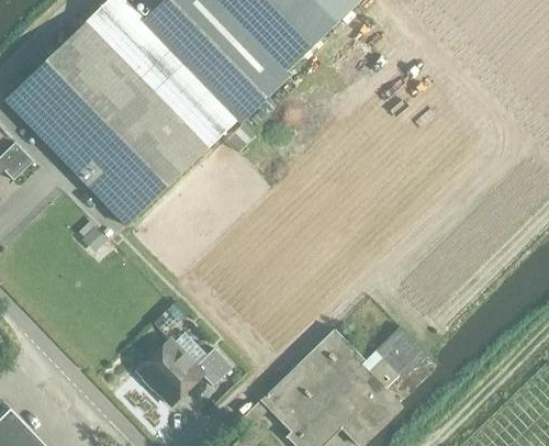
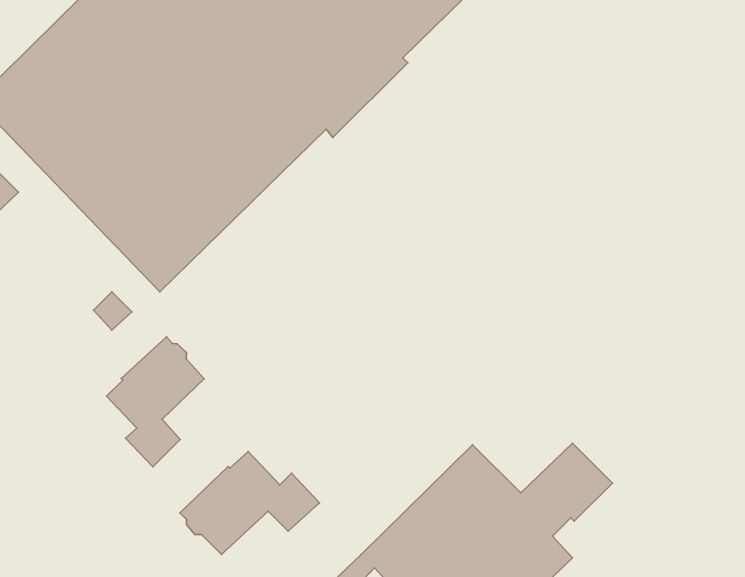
building: none -> [107,337,204,467]

